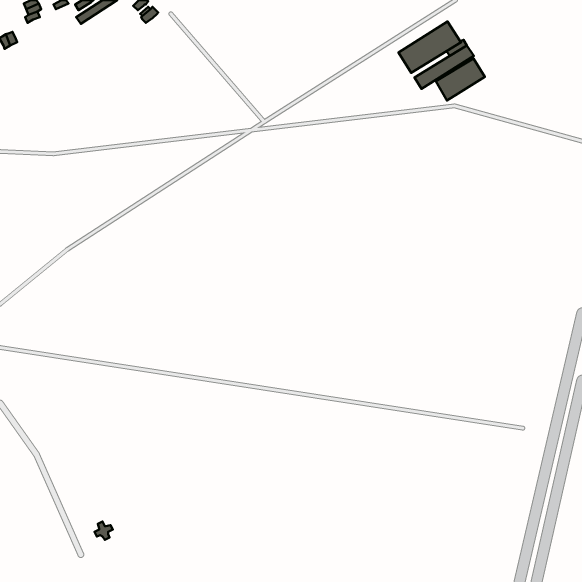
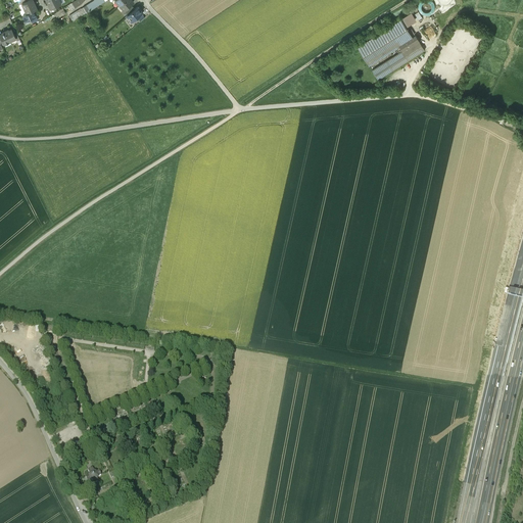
building: [436,59,485,100] -> none

